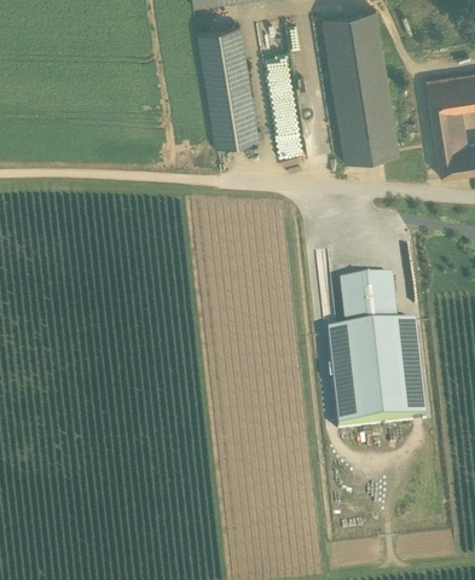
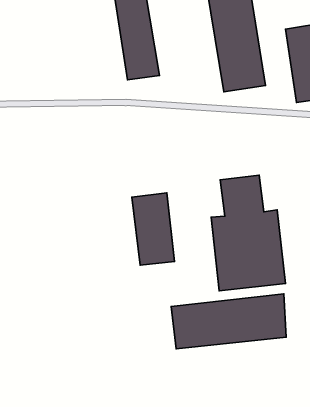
building: none -> [132,193,174,265]
building: none -> [171,294,286,349]

